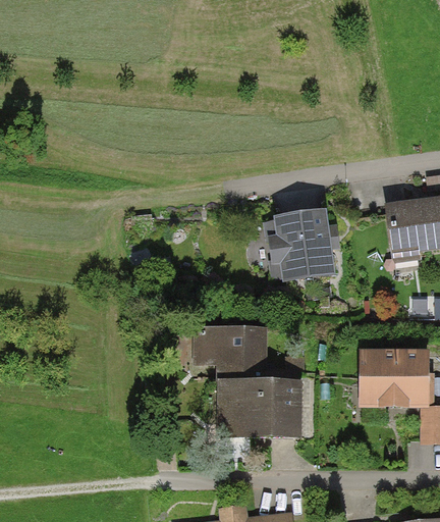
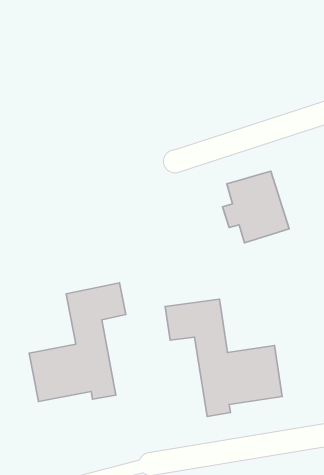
building: none -> [29,283,126,401]

